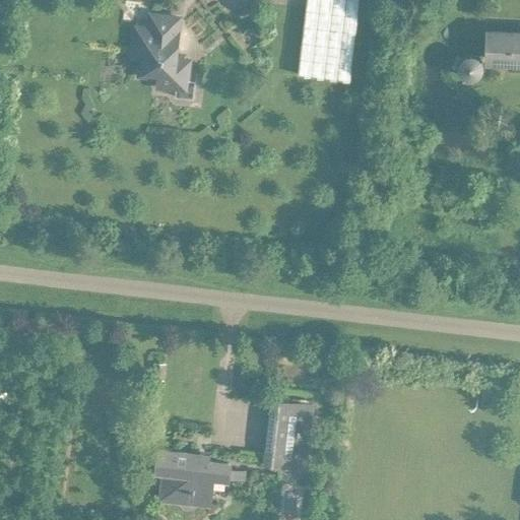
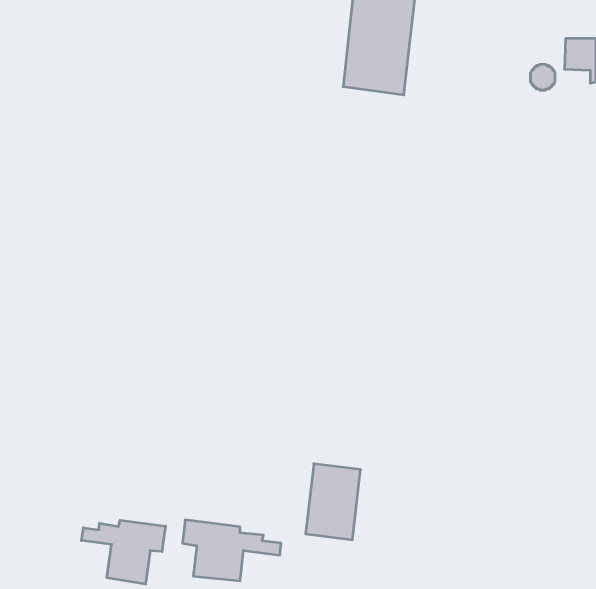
building: [133,15,189,90] -> none
building: none -> [81,520,166,584]

